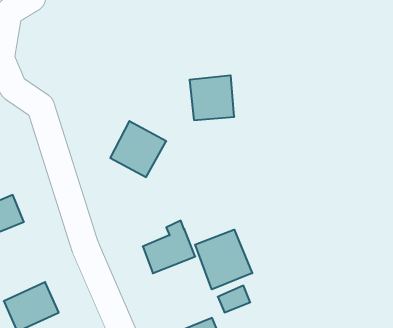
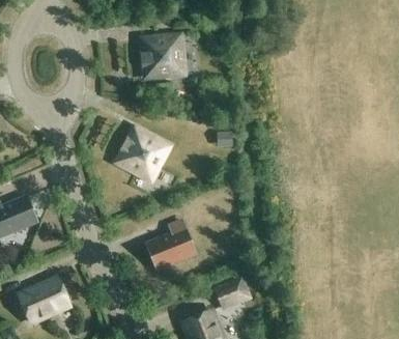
building: [189,75,234,120] -> [141,35,182,77]
building: [195,230,252,289] -> none

